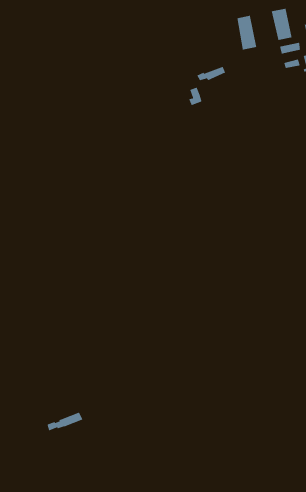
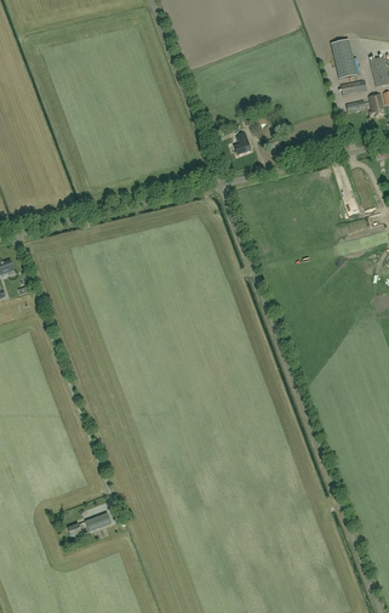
building: [236,15,257,51] -> none

